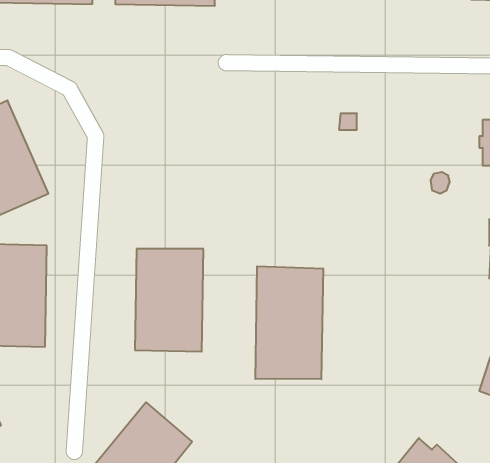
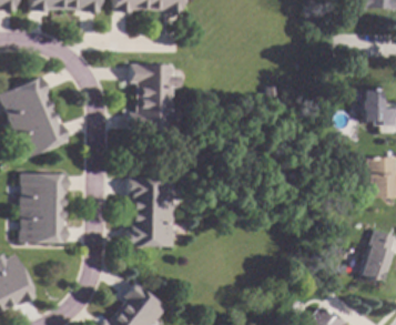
building: none -> [129,64,182,131]
building: [255,266,323,379] -> none

